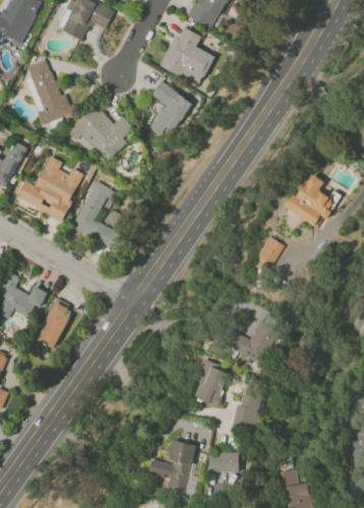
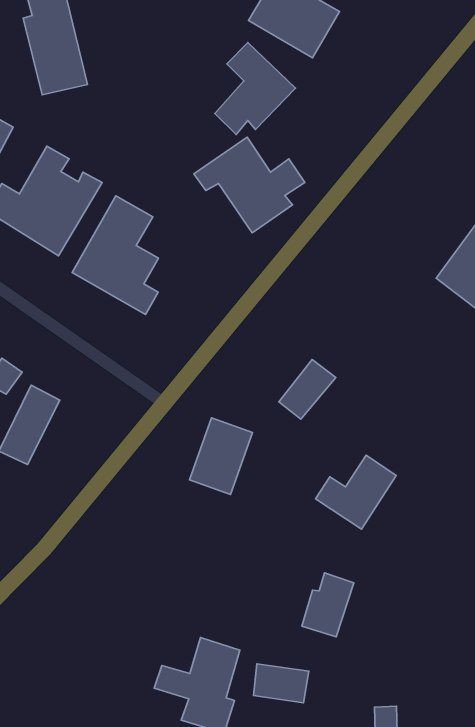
building: [66,105,133,162] -> [194,137,305,233]
building: [253,236,286,273] -> [279,360,336,419]
building: [194,361,229,406] -> [190,418,252,494]

